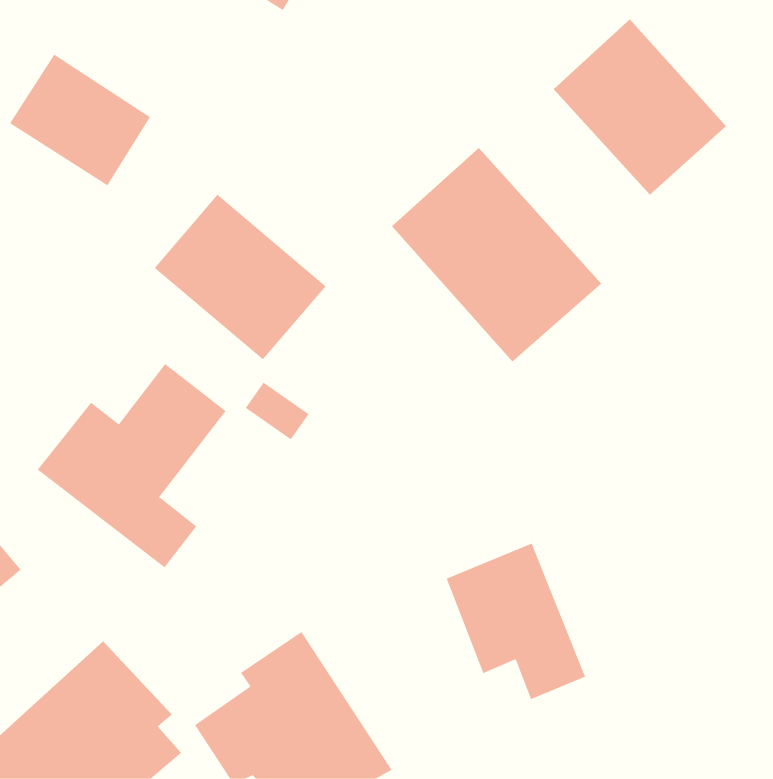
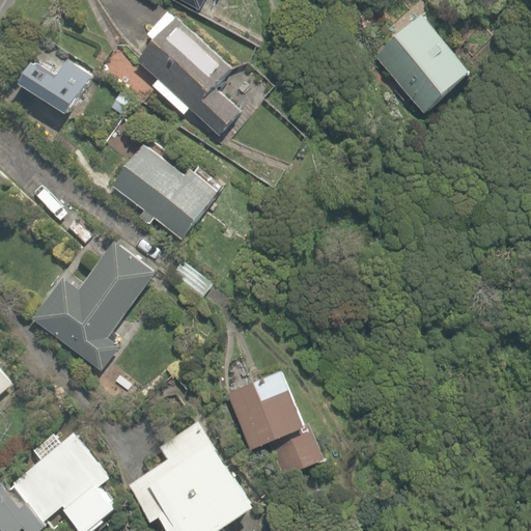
building: none -> [132,15,237,136]
building: [391,147,602,363] -> none
building: [446,543,586,700] -> [224,364,318,470]

